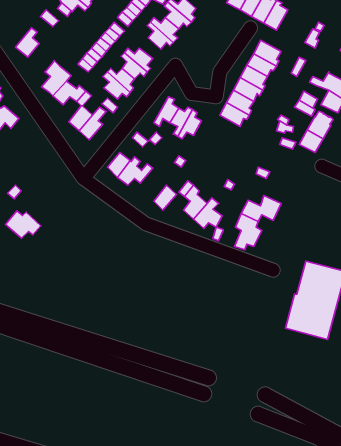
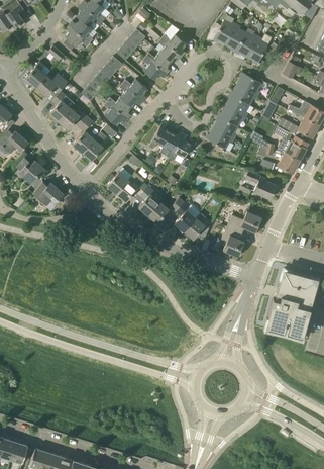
building: none -> [36,74,68,97]
building: none -> [16,158,45,184]
building: none -> [245,172,276,199]
building: none -> [136,187,161,216]
building: [6,211,41,238] -> [32,182,64,206]

